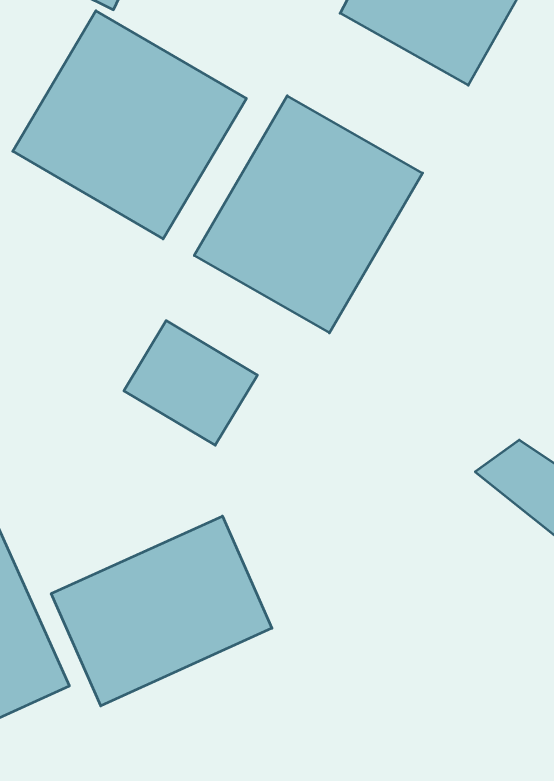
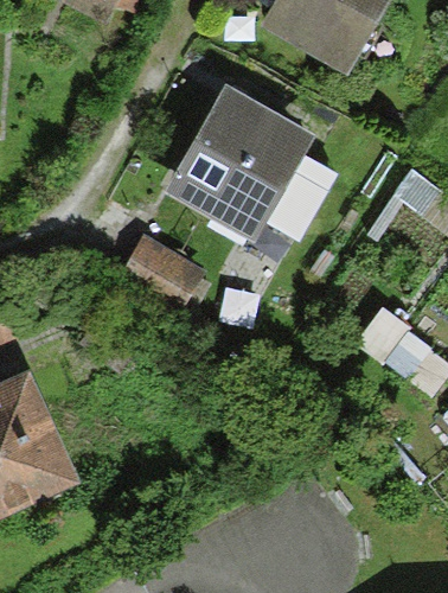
building: [13,11,246,239] -> none
building: [51,516,272,706] -> none

